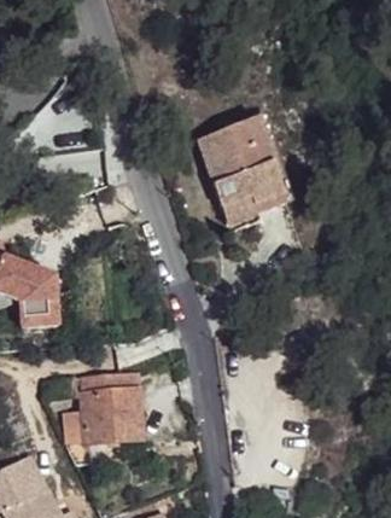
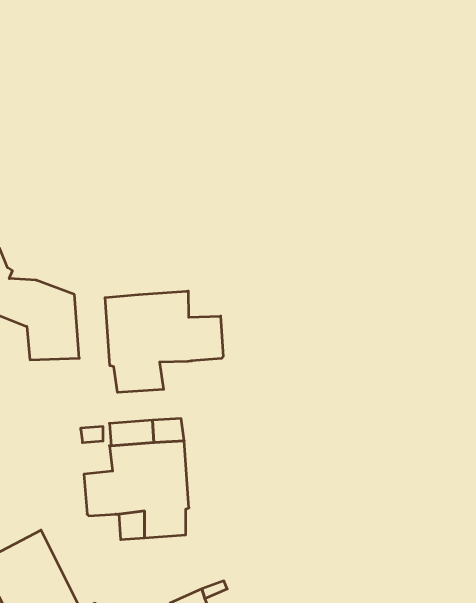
building: [186,103,268,208] -> none
building: none -> [105,291,223,392]

